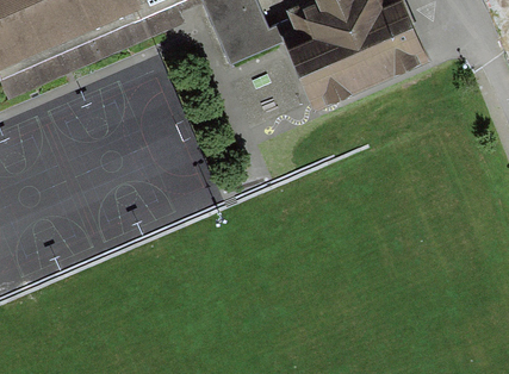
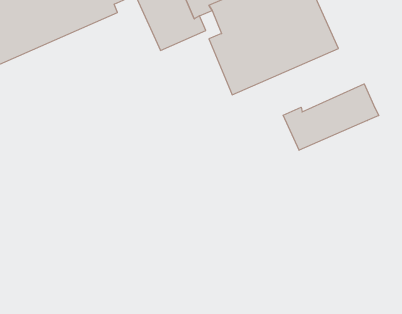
building: none -> [283,84,379,150]

